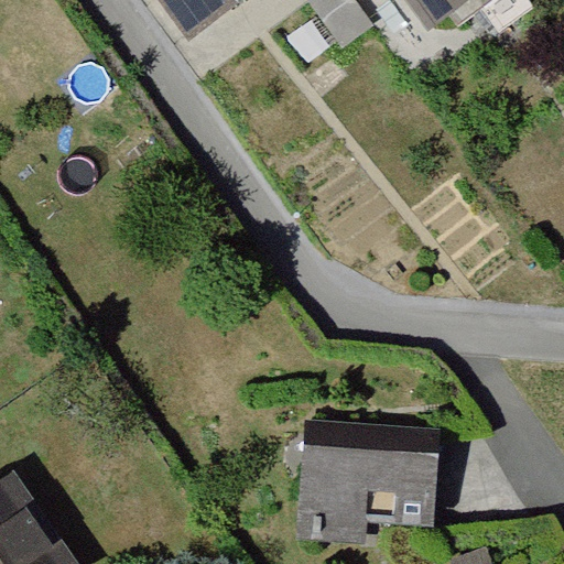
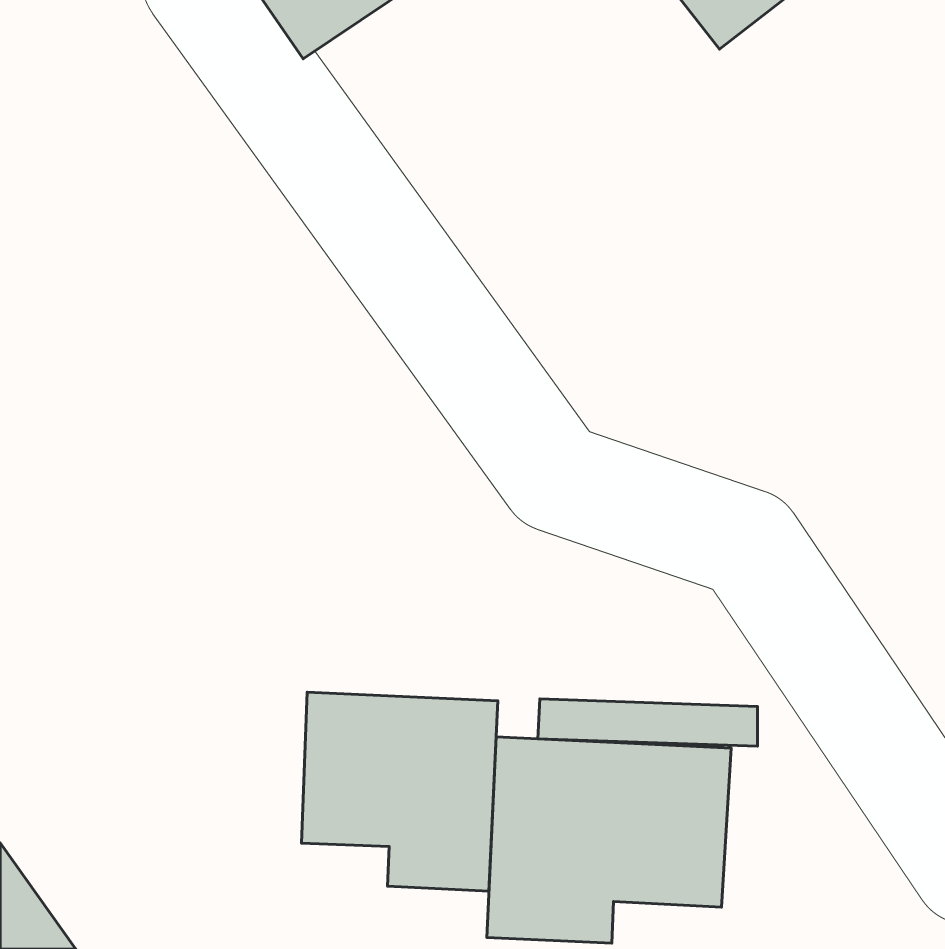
building: none -> [302,692,498,891]

